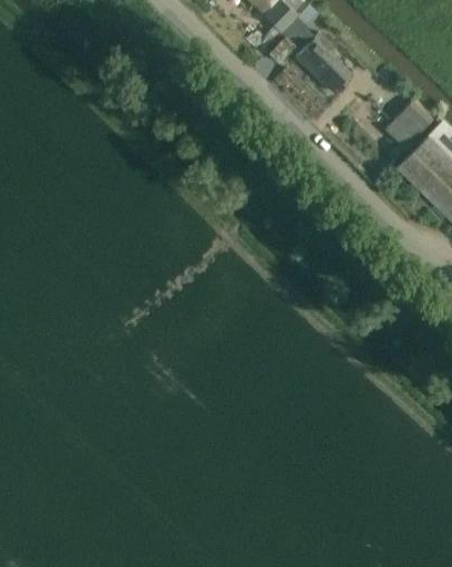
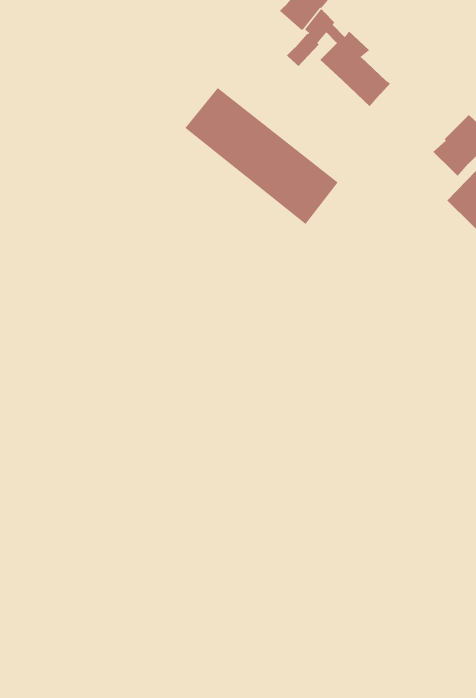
building: none -> [184,87,338,225]

